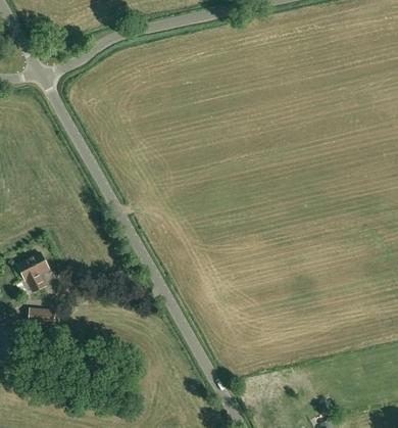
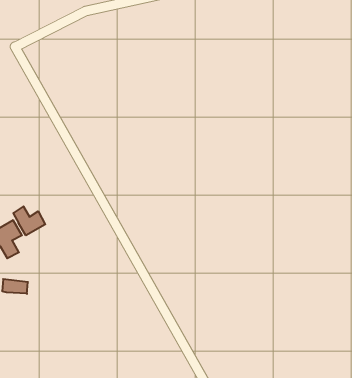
building: none -> [13,206,45,235]

